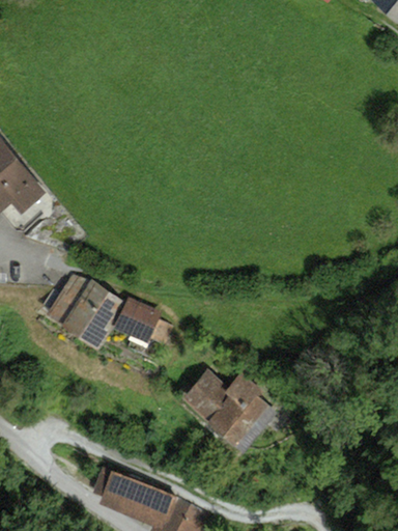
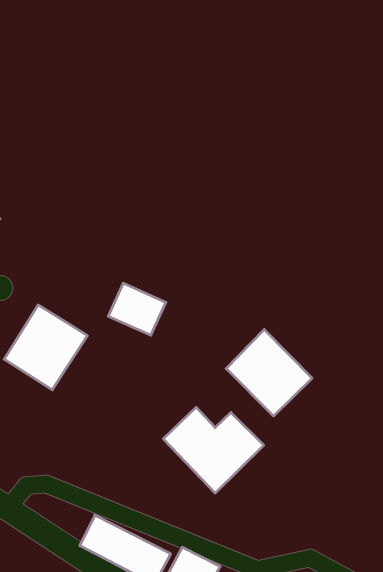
building: [112,299,163,345] -> [108,283,166,335]
building: none -> [226,329,312,416]

